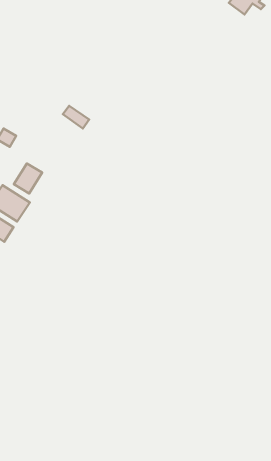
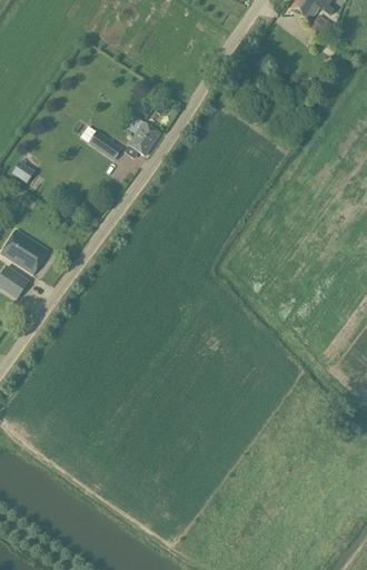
building: none -> [129,121,159,155]
building: [14,163,42,193] -> none

